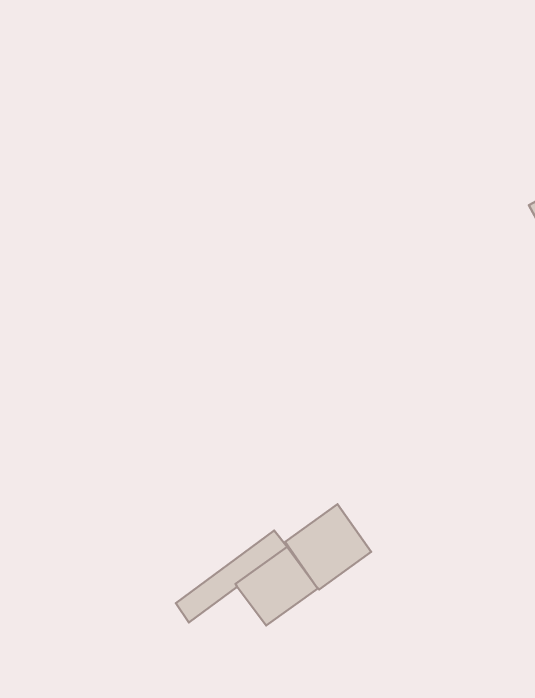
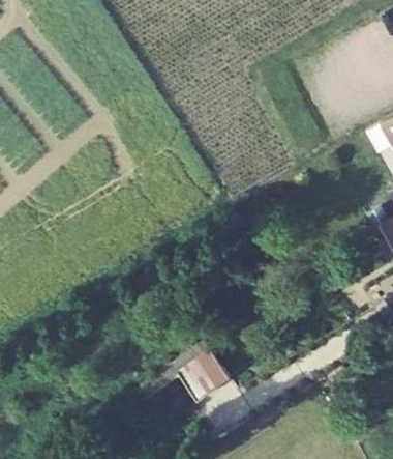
building: [285,504,371,590] -> none

